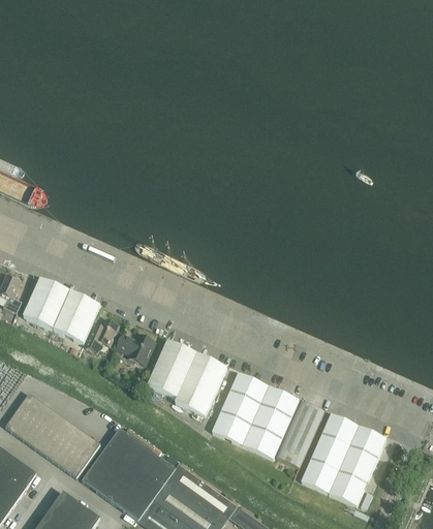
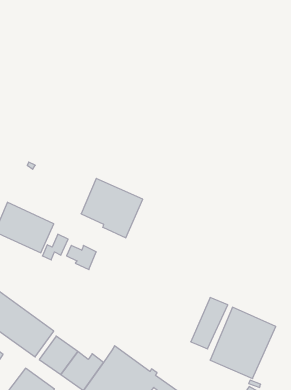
building: [147,341,226,417] -> [81,178,143,238]
building: [211,373,299,460] -> none
building: [102,429,175,486] -> none

